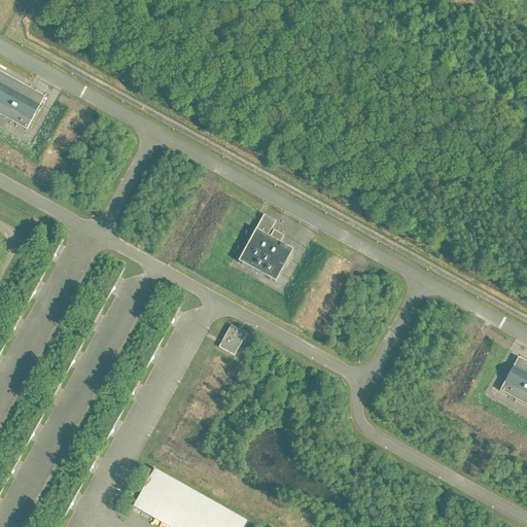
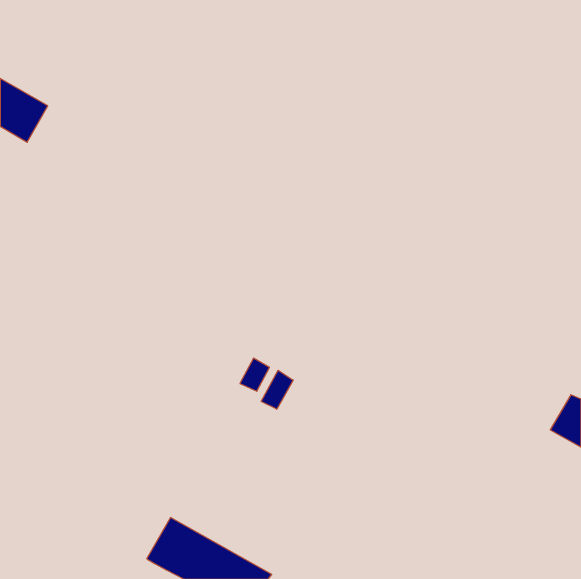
building: [238,214,292,280] -> none
building: none -> [261,370,293,409]

